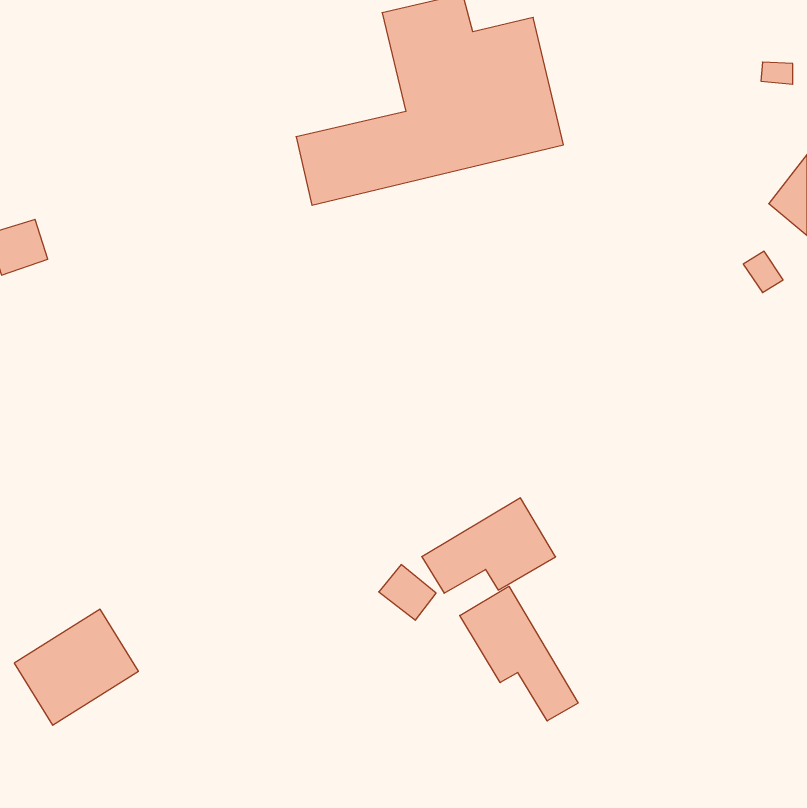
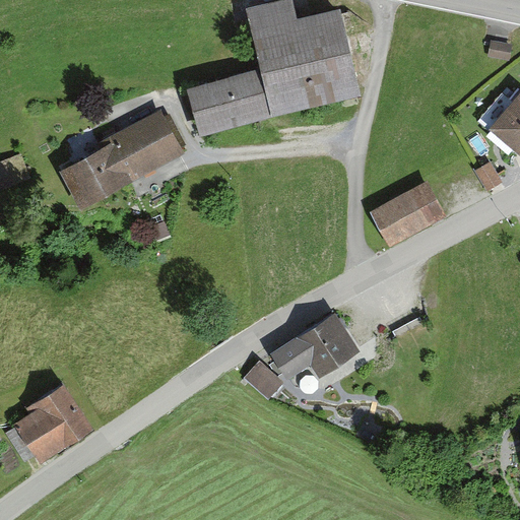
building: none -> [74,110,192,207]
building: none -> [369,181,442,243]
building: [460,586,578,721] -> none

